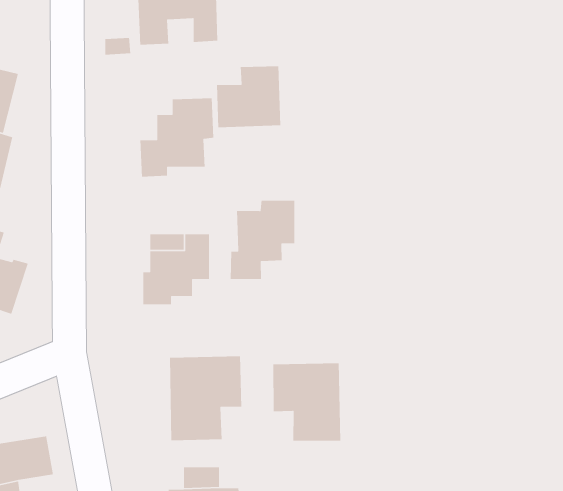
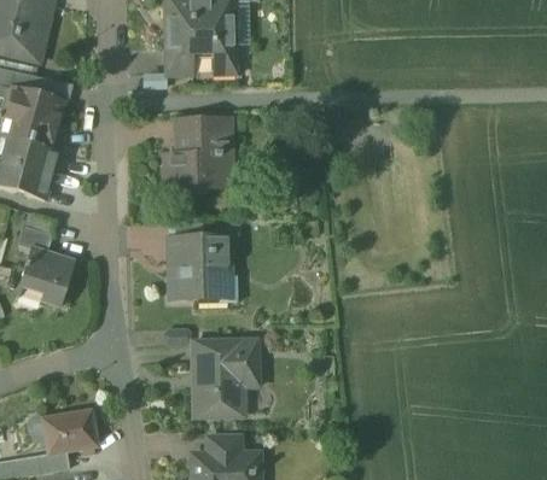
building: [216,65,281,128] -> none
building: [230,200,295,280] -> none
building: [272,362,341,442] -> none

